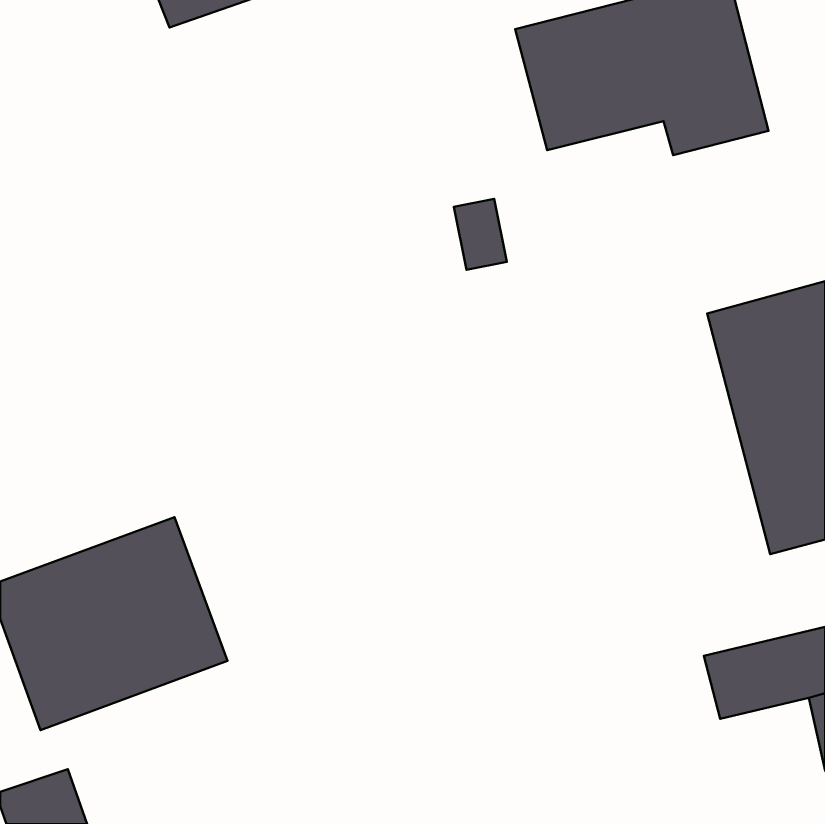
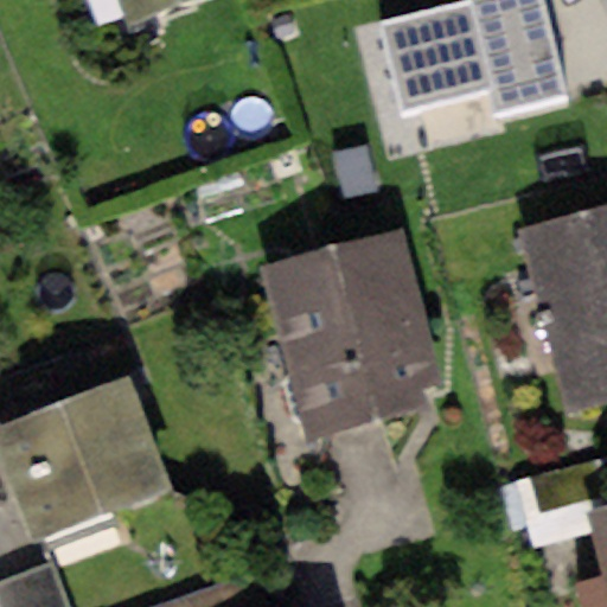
building: none -> [262,234,440,437]

